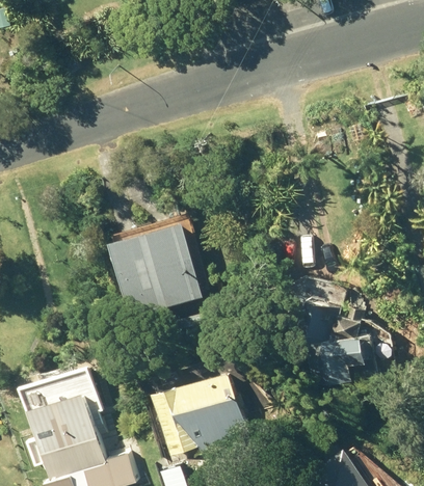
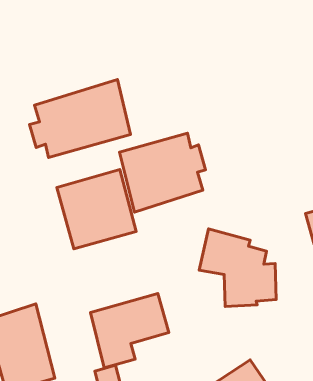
building: none -> [30,79,131,158]
building: none -> [119,133,206,212]

